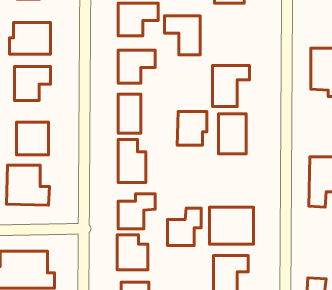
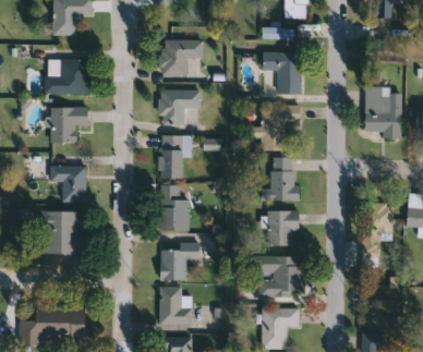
building: [164,16,200,55] -> [263,53,301,95]
building: [177,111,207,145] -> [267,210,299,246]
building: [167,208,201,246] -> none

